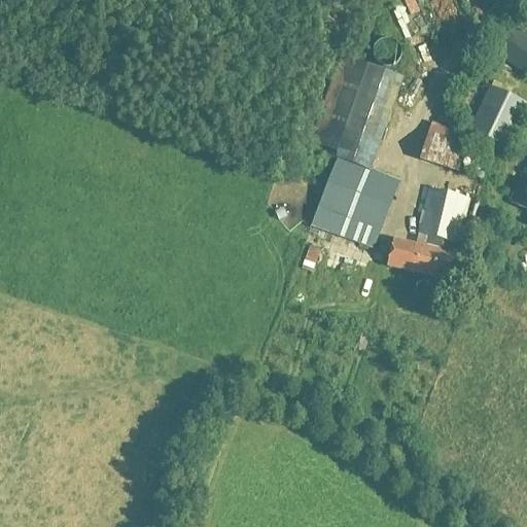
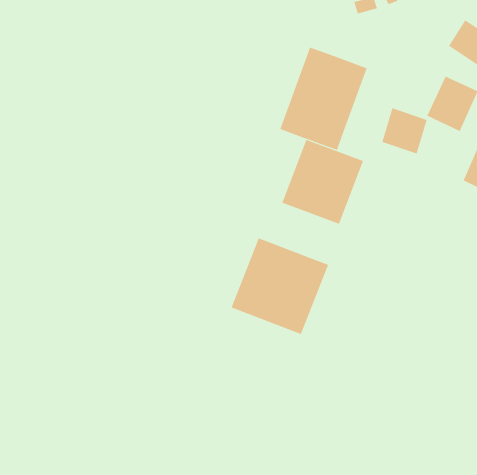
building: [388,185,469,279] -> none
building: none -> [231,237,329,335]

